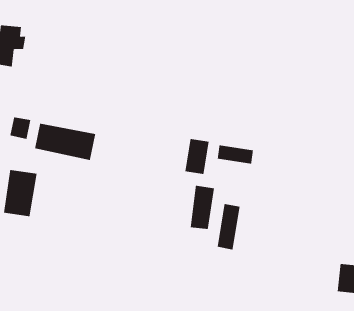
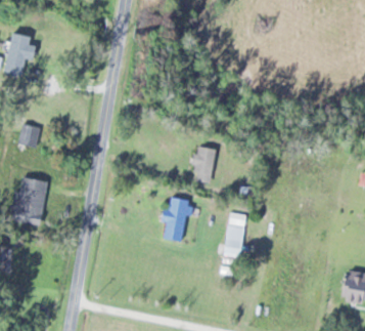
building: [35,123,96,161] -> none
building: [217,144,254,165] -> none
building: [190,185,215,230] -> [164,196,188,240]

